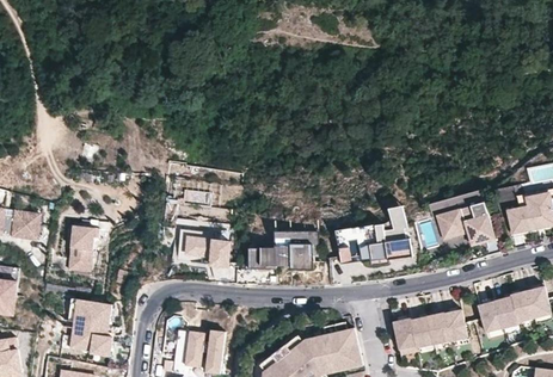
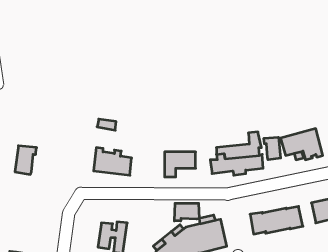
building: none -> [264,137,281,160]
building: [250,248,276,268] -> none
building: [70,298,113,356] -> none
building: none -> [174,203,199,221]

